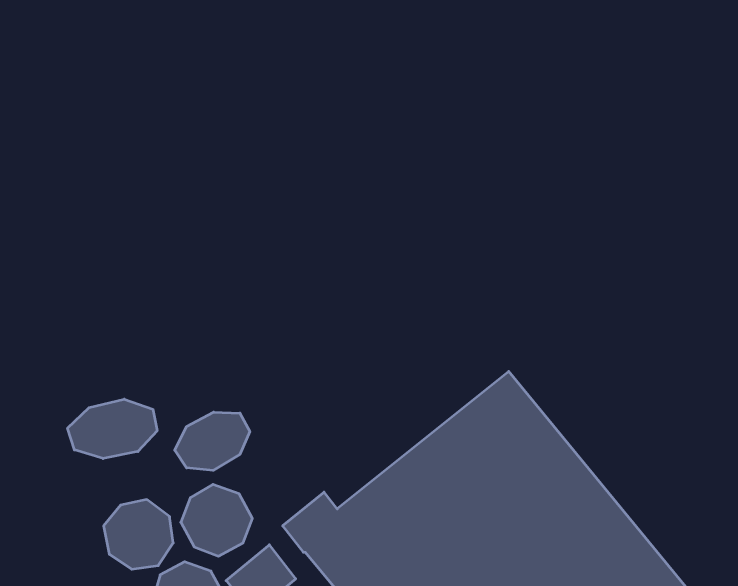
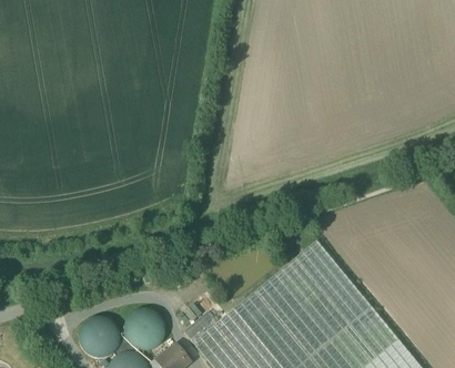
building: [68,399,157,459] -> none
building: [175,412,250,470] -> none

